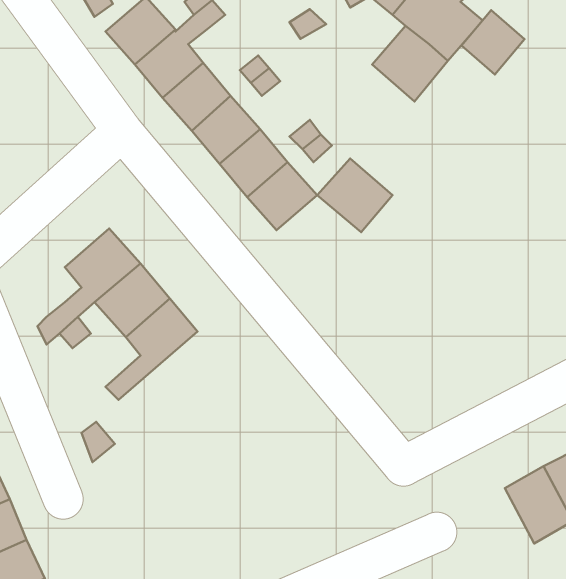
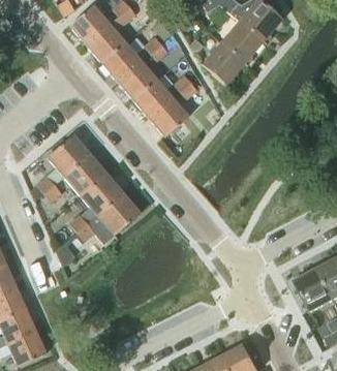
building: [461,10,525,74] -> none
building: [317,158,393,232] -> [201,42,243,84]
building: none -> [76,192,139,244]

